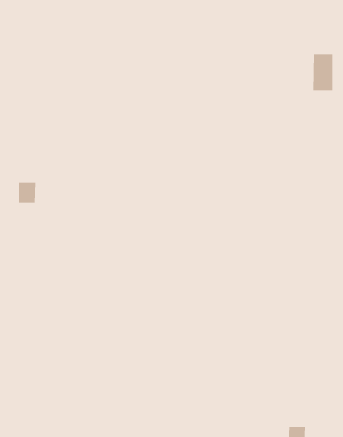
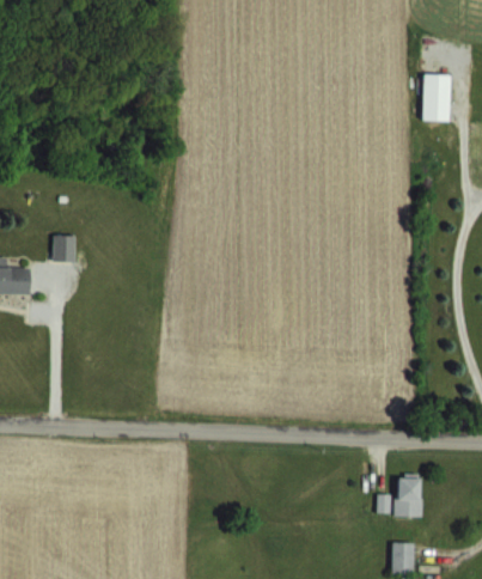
building: none -> [396,475,422,517]

